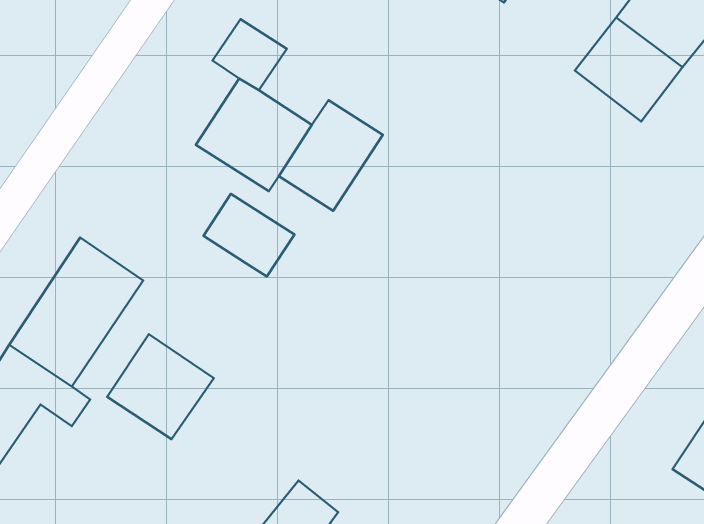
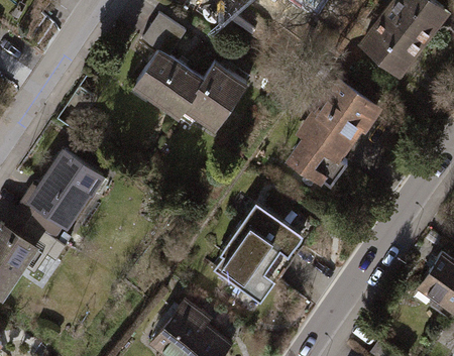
building: none -> [287,80,380,191]
building: [203,194,294,276] -> none
building: none -> [215,202,305,300]
building: [107,334,214,439] -> none

